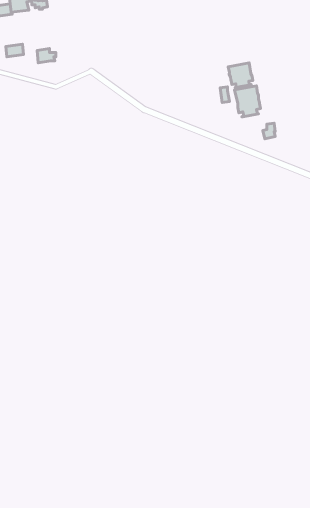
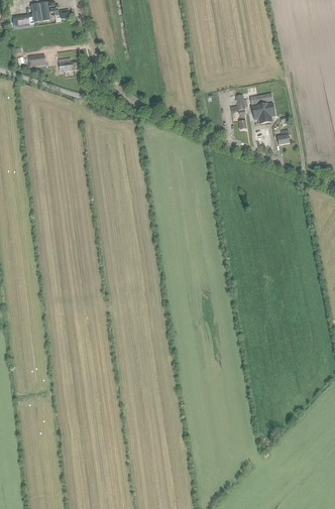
building: [228,63,253,87] -> none

